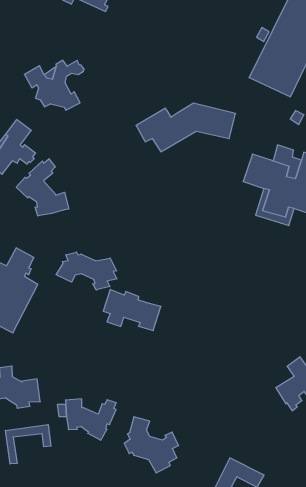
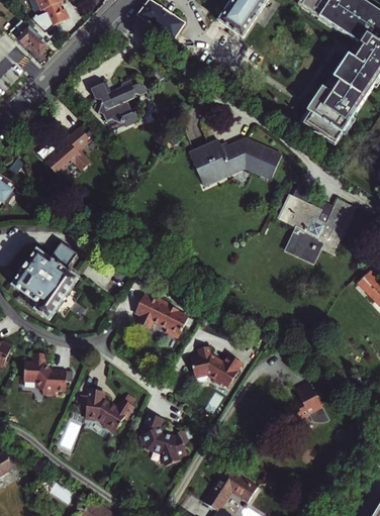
building: none -> [195,162,273,183]
building: [16,159,69,216] -> none
building: [56,252,117,290] -> none
building: none -> [195,348,248,389]
building: [5,424,51,464] -> none

